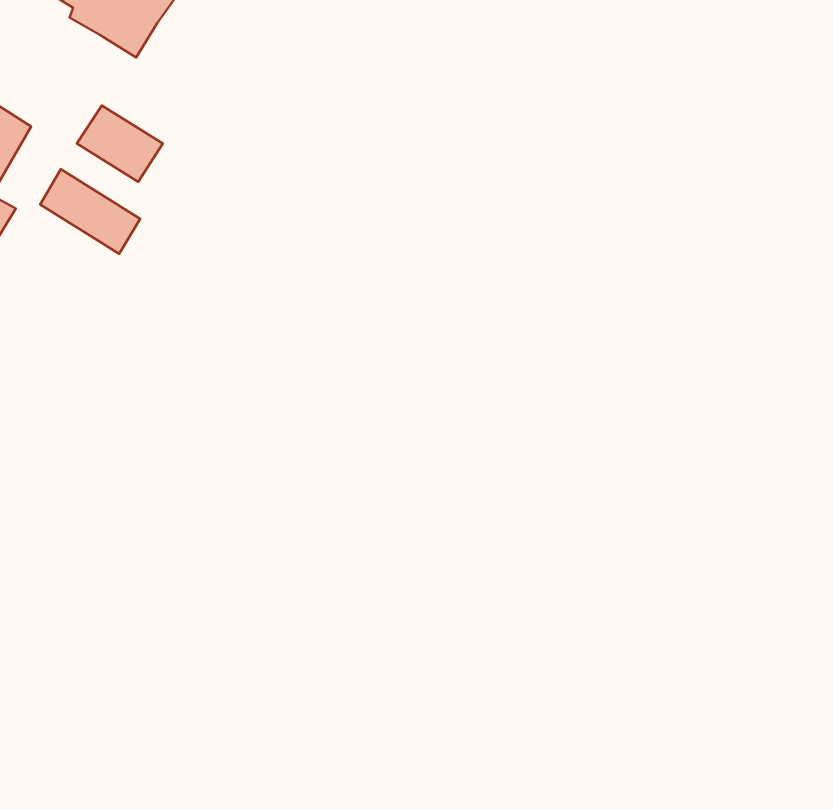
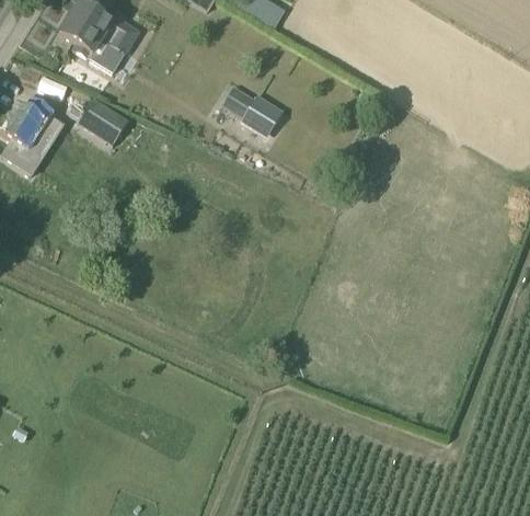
building: none -> [224,88,280,136]
building: [40,169,140,254] -> none

